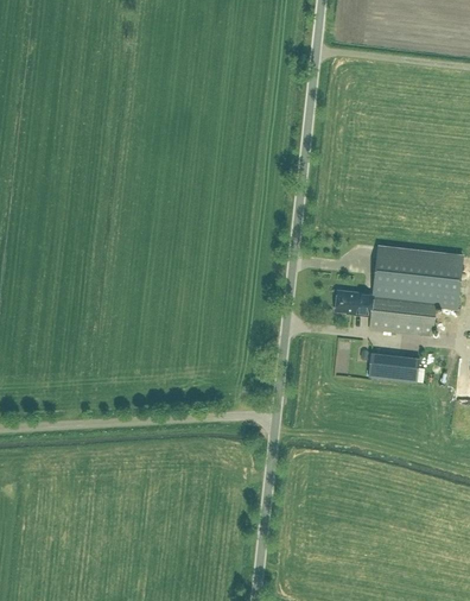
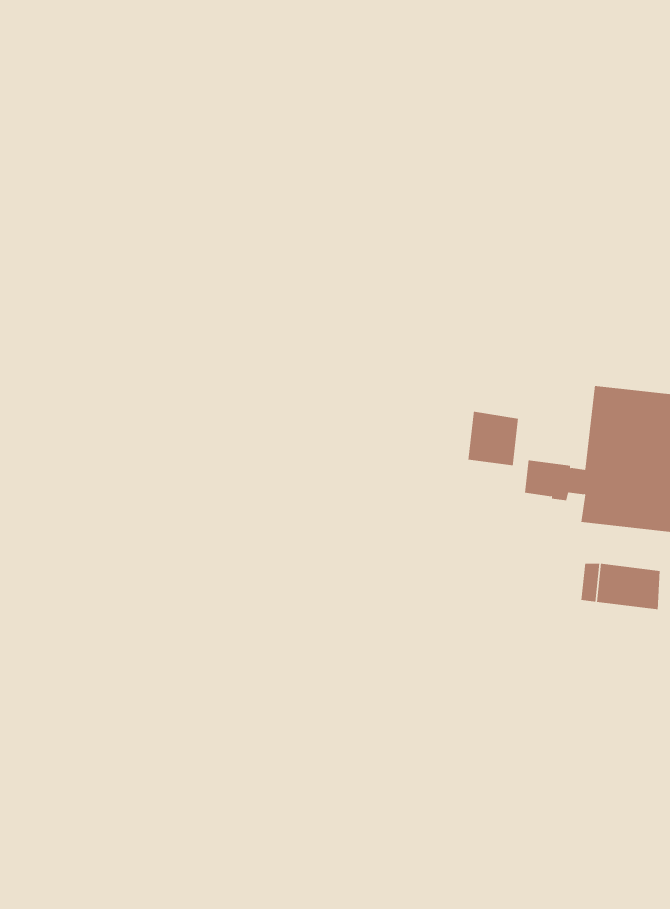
building: none -> [468,411,518,466]

